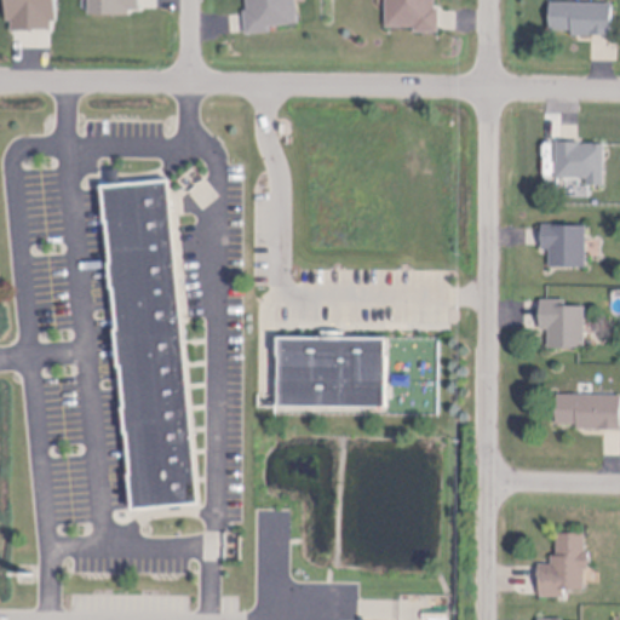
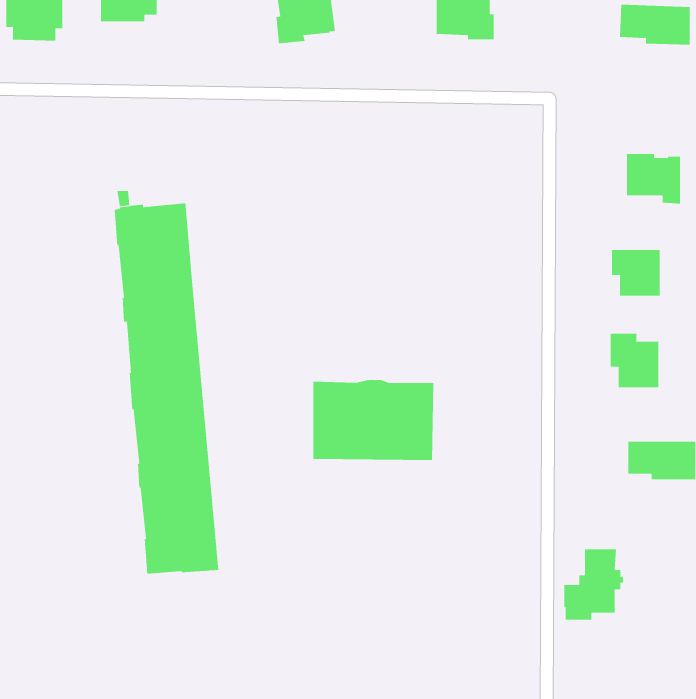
building: [536,528,590,591] -> [563,549,624,620]

